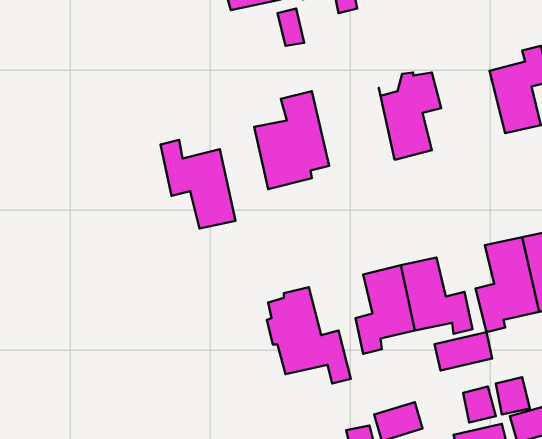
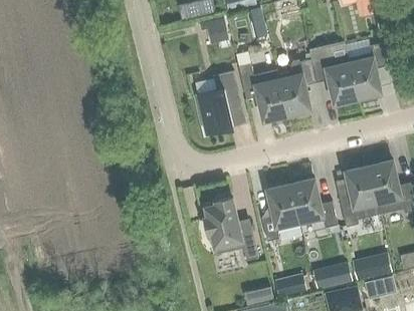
building: none -> [308,43,358,104]
building: [161,140,235,229] -> [238,63,286,120]
building: [435,332,492,371] -> none

